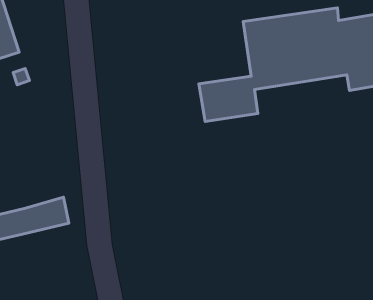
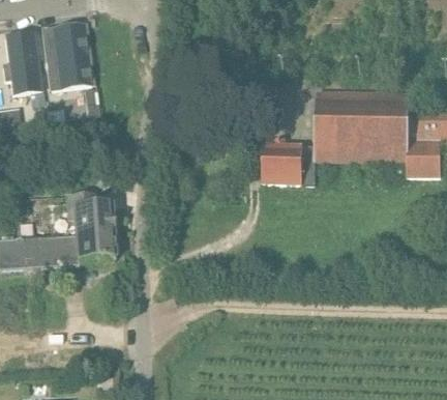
building: none -> [66,193,114,236]

